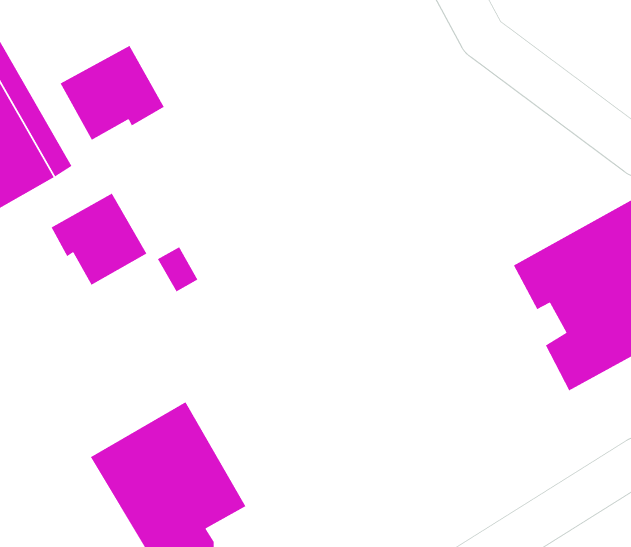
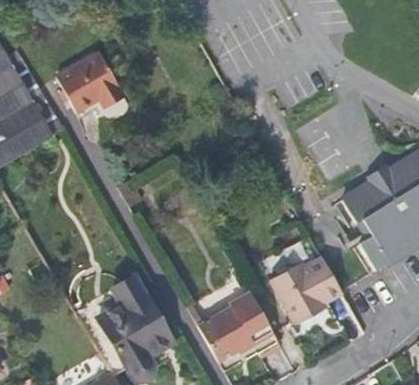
building: [51,193,148,286] -> none
building: none -> [269,256,342,325]
building: none -> [198,292,274,362]

